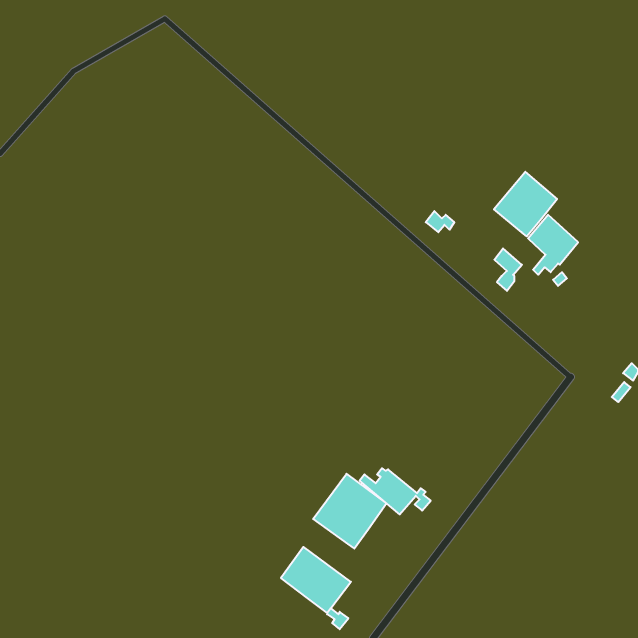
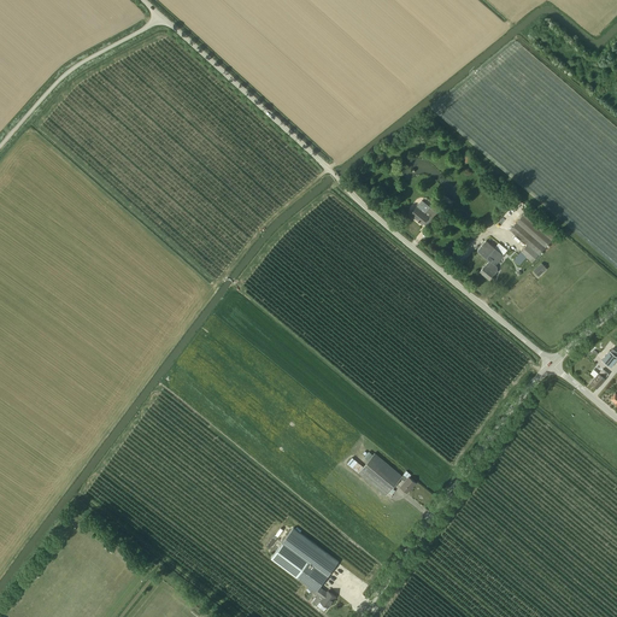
building: [494,172,557,236] -> none
building: [313,474,386,549] -> none

